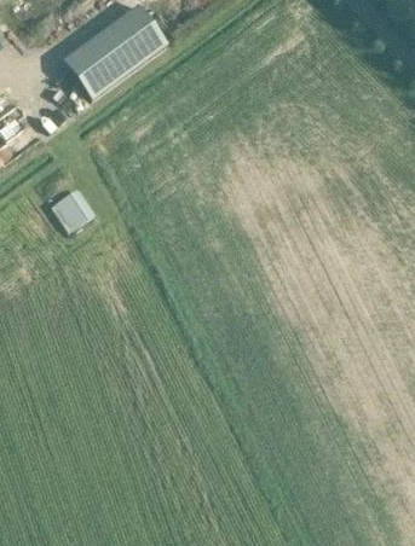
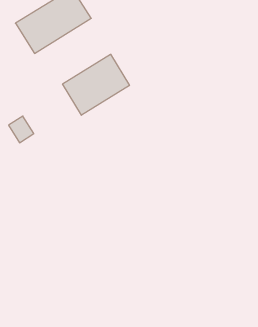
building: none -> [63,54,129,115]

